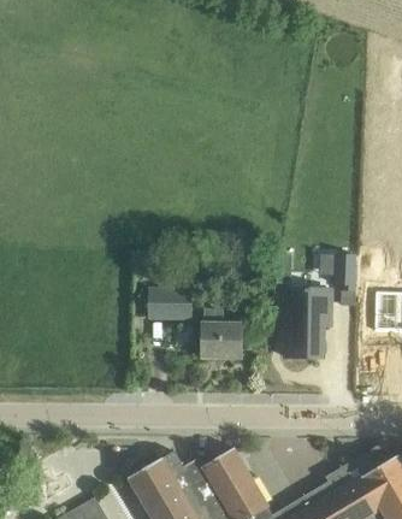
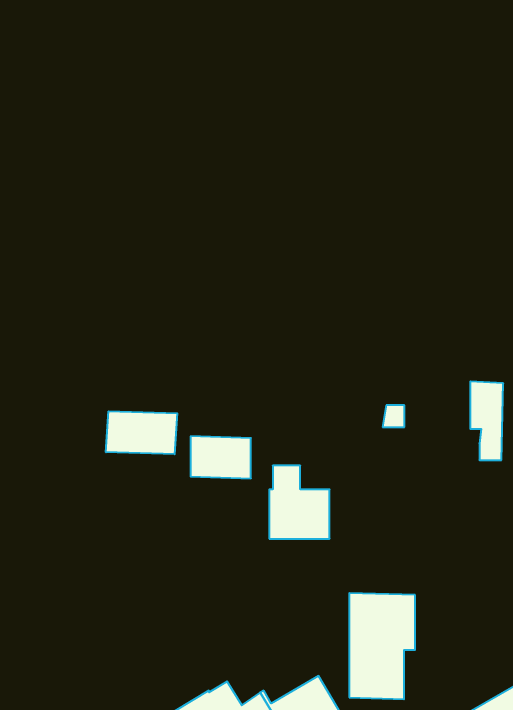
building: none -> [106,411,177,454]
building: [288,290,331,360] -> [349,593,415,699]

